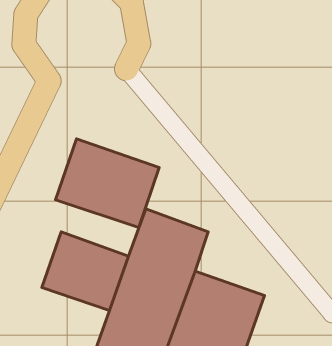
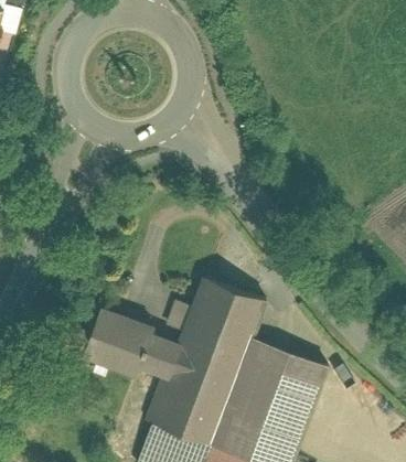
building: [55,139,159,228] -> none

